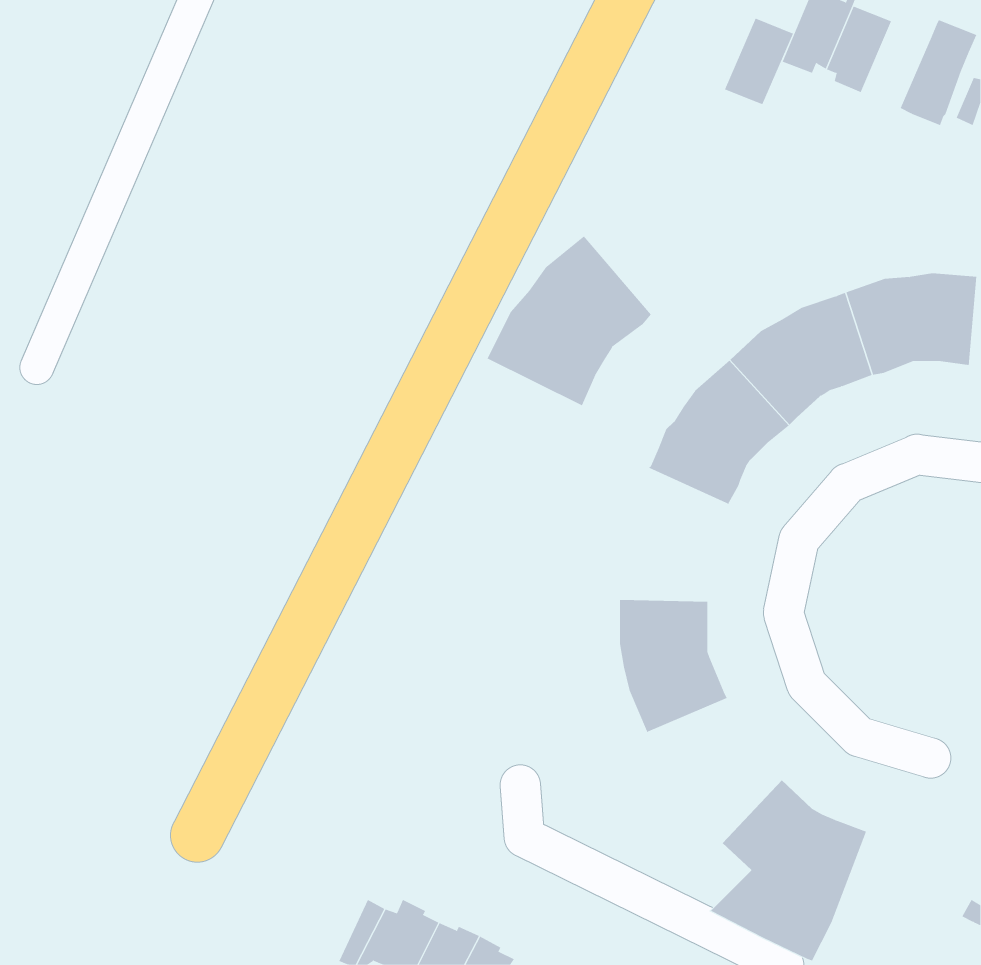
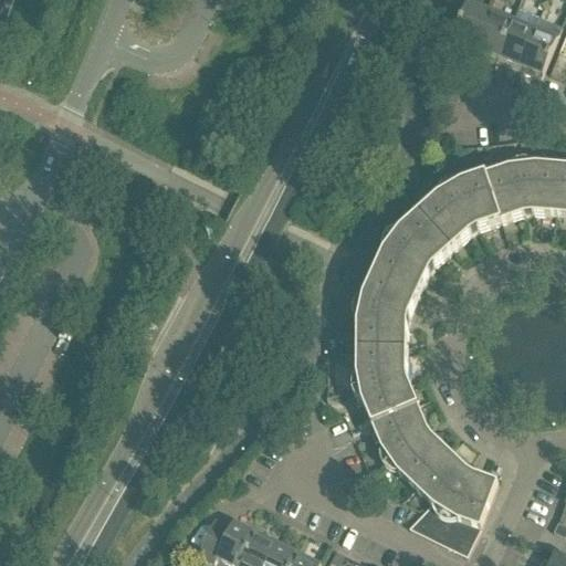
building: [724,18,794,105] -> [492,12,532,62]
building: [487,236,652,406] -> none
building: none -> [354,268,417,344]
building: none -> [369,399,447,482]

